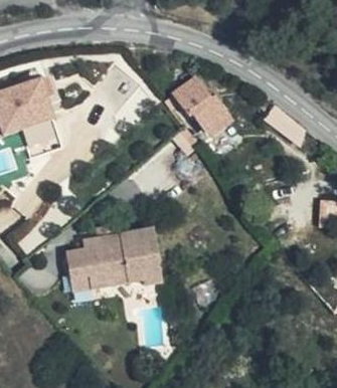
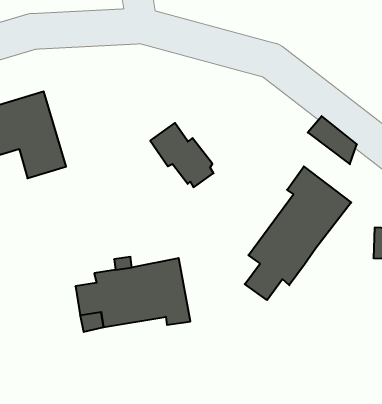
building: [165,79,219,135] -> [150,123,214,187]
building: none -> [245,166,351,300]

